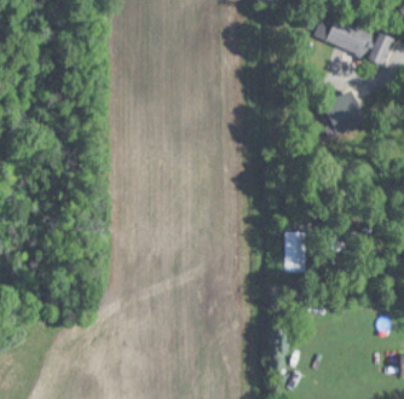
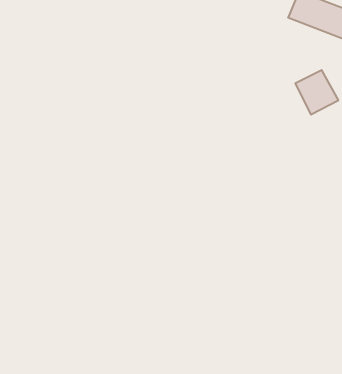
building: [284,230,304,268] -> none

